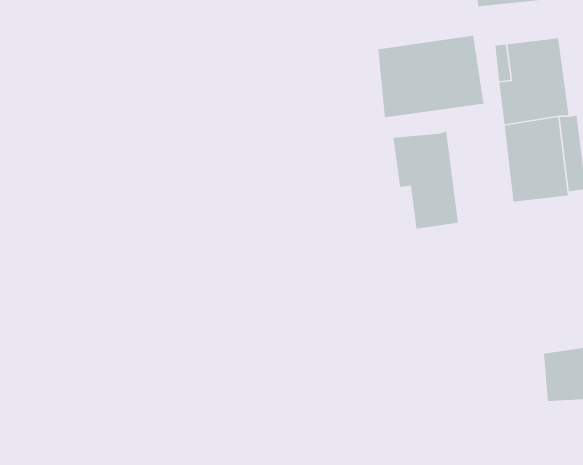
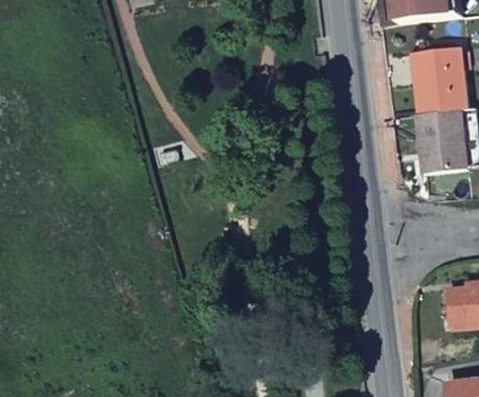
building: [377,35,484,118] -> none
building: [392,131,459,229] -> none

